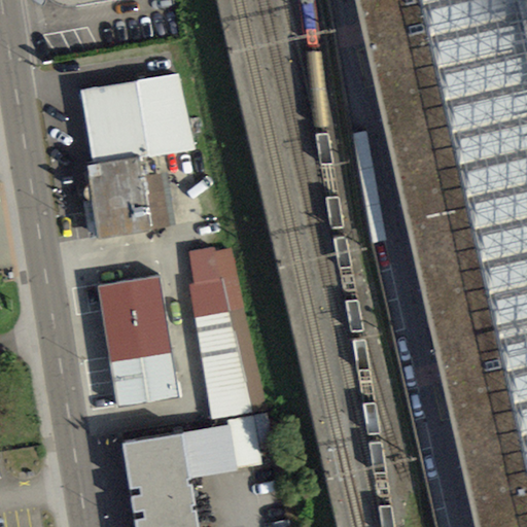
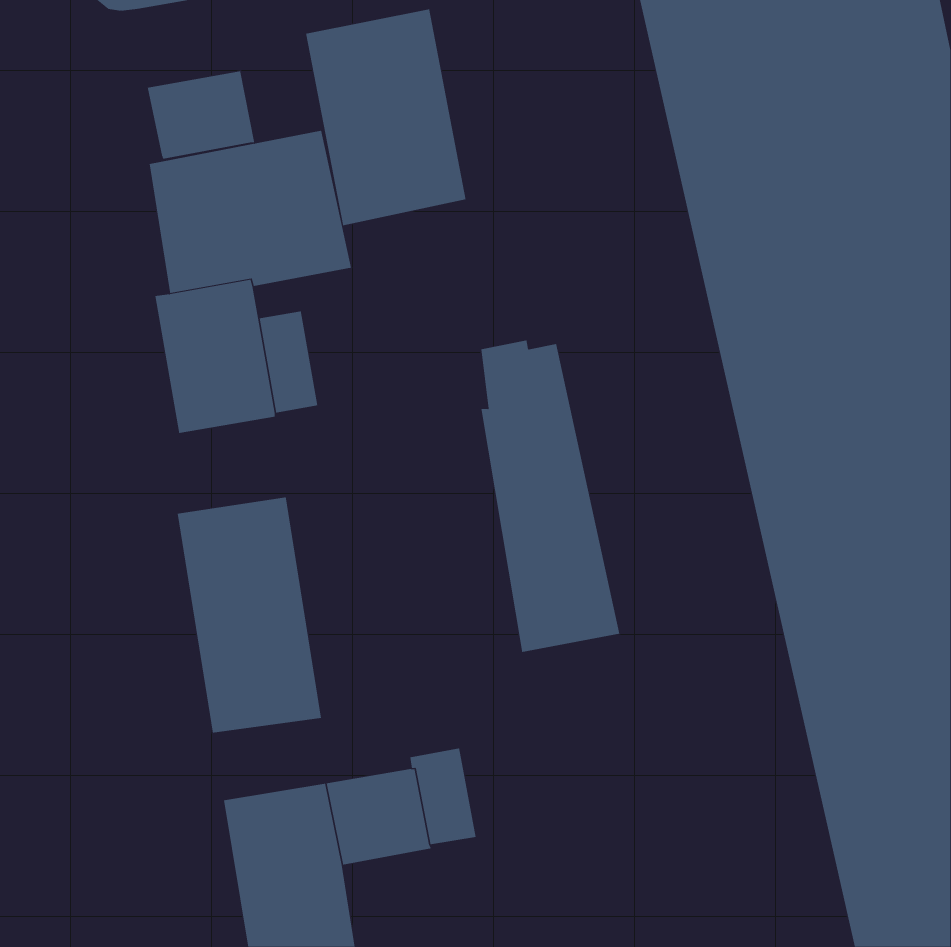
building: none -> [305,9,466,226]
building: none -> [147,70,255,160]
building: [189,245,267,418] -> [481,340,620,652]

